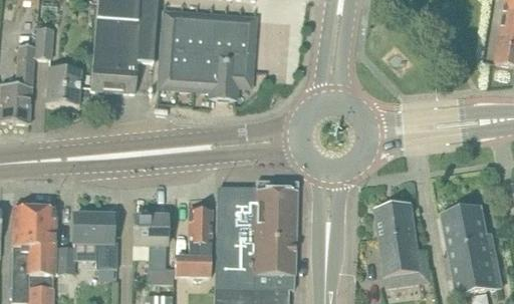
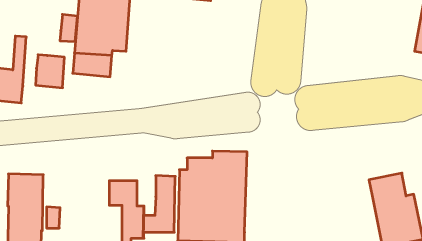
building: [160,11,255,99] -> none
building: [34,26,55,58] -> [60,14,78,42]
building: [375,204,430,276] -> none
building: [74,215,117,268] -> none

